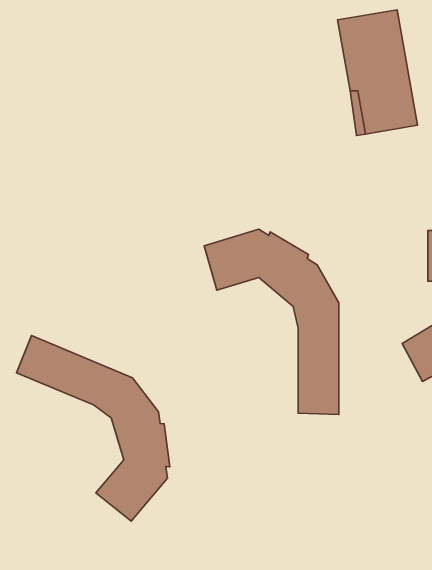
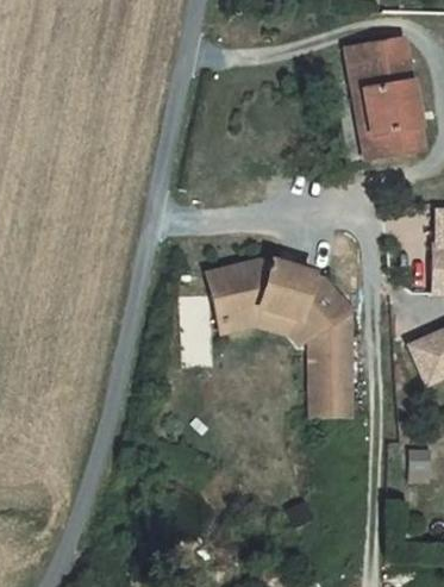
building: none -> [233,289,309,341]
building: [16,335,170,521] -> none

